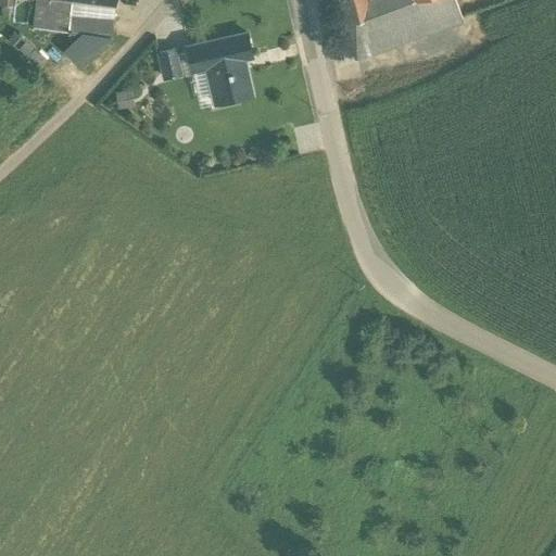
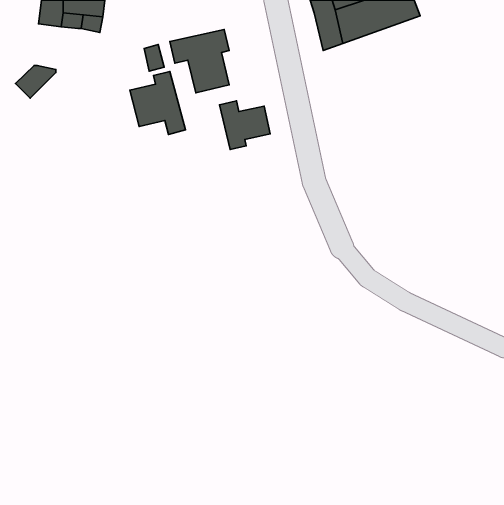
building: [65,31,110,67] -> [15,66,56,98]
building: none -> [130,71,185,134]
building: none -> [220,101,270,149]

